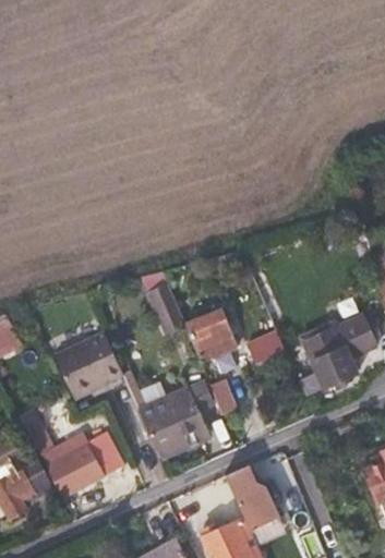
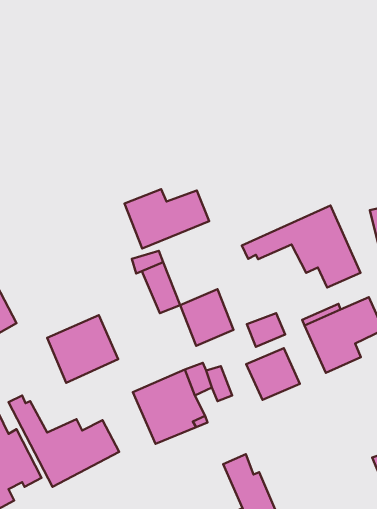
building: none -> [124,189,209,248]
building: none -> [242,205,361,288]
building: none -> [246,348,300,400]

